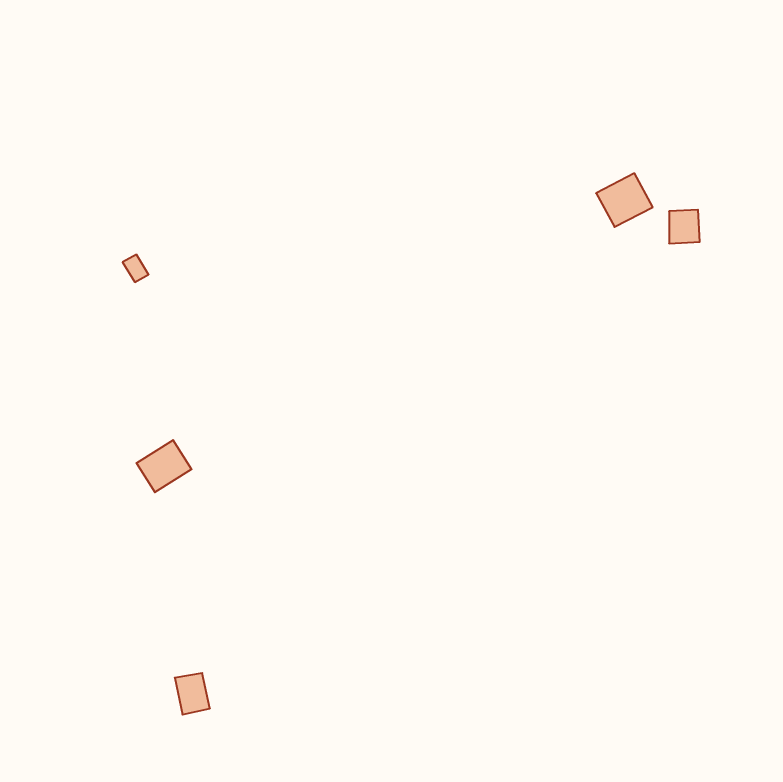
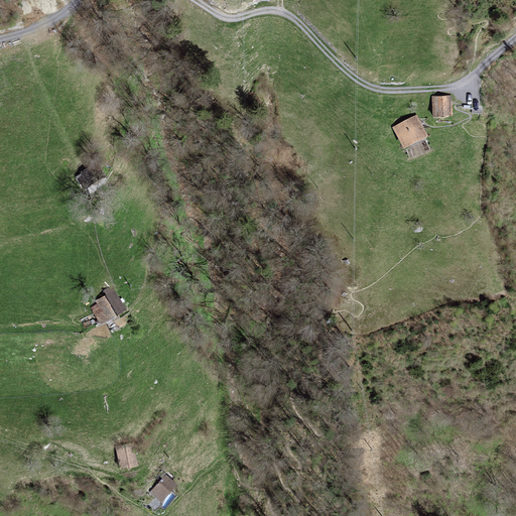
building: [669,210,700,243] -> [432,95,453,117]
building: none -> [150,475,178,502]

